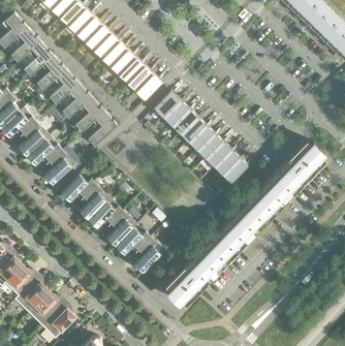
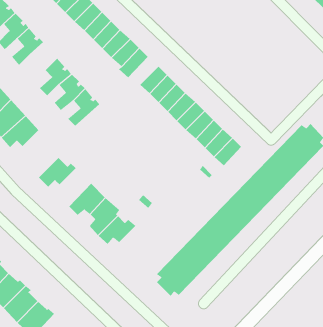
building: [49,68,77,103] -> none
building: [43,149,74,184] -> none
building: [79,184,108,219] -> none
building: [133,237,160,272] -> none

